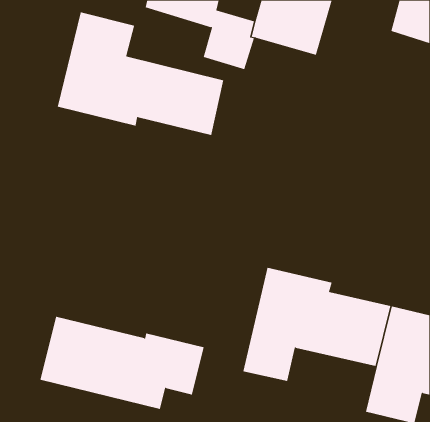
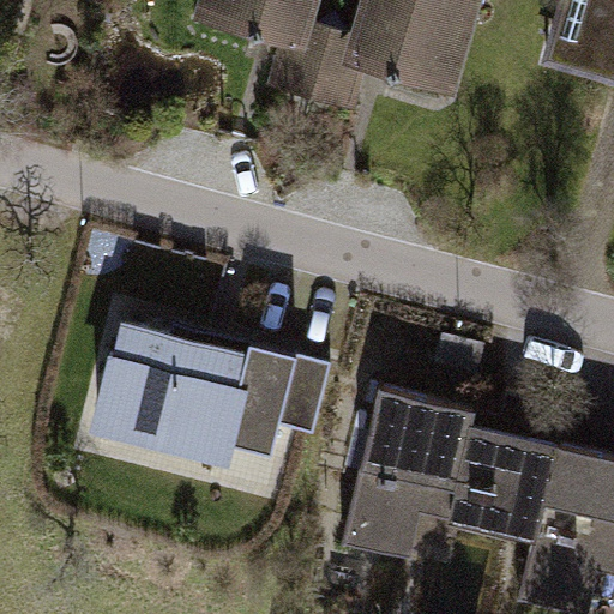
building: [57,11,224,136] -> none
building: [39,316,204,409] -> [98,325,333,458]

